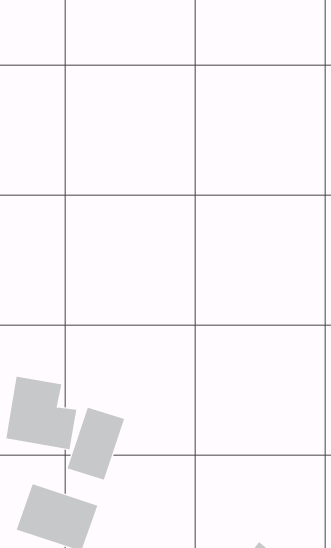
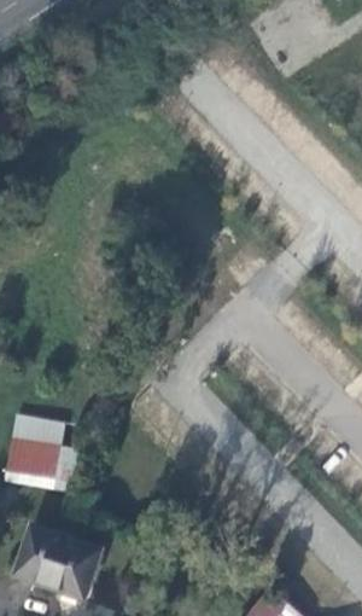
building: [67,407,125,480] -> none

